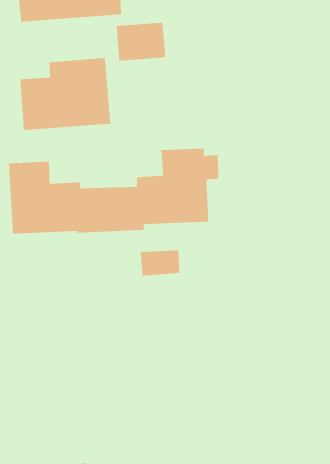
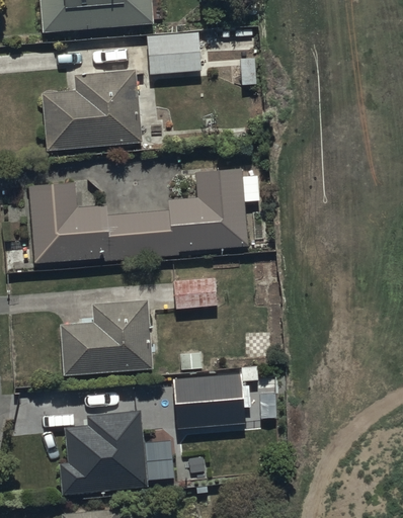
building: none -> [61,300,151,371]
building: none -> [172,373,244,429]
building: none -> [60,412,176,493]

